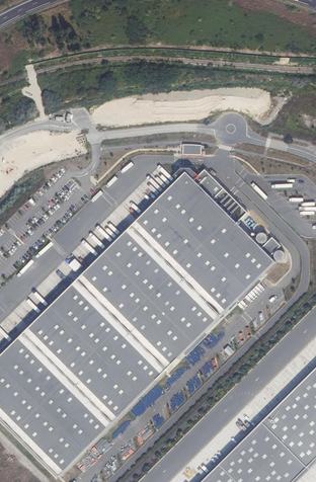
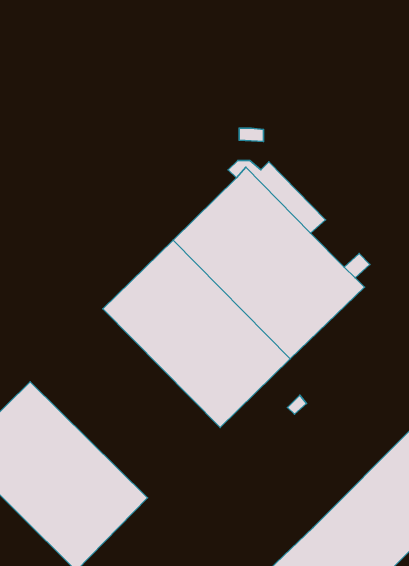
building: [24,278,167,420] -> none

